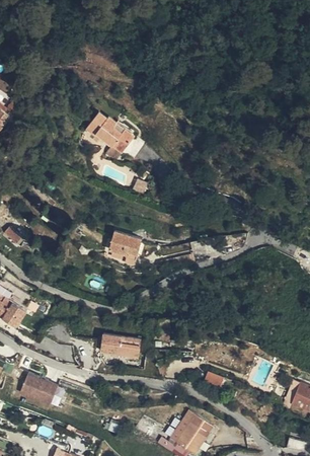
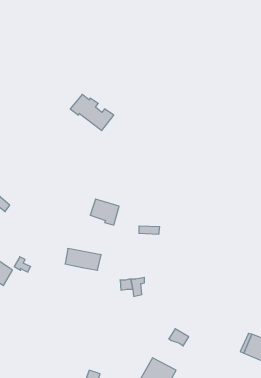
building: [100,333,141,358] -> [65,249,101,270]
building: [23,376,61,408] -> none

